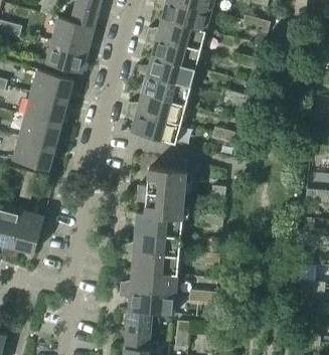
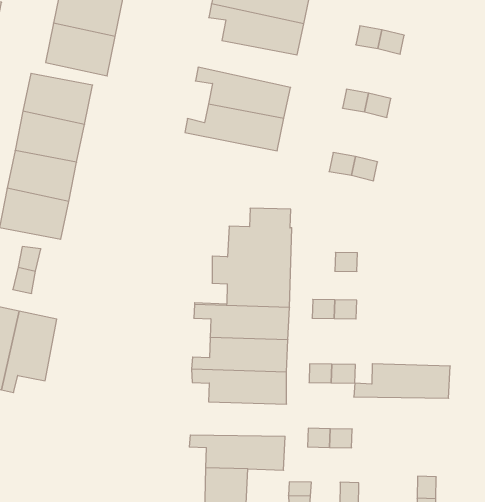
building: [136,57,195,87] -> none
building: [124,111,180,145] -> none
building: [119,272,177,295] -> [354,364,450,398]

